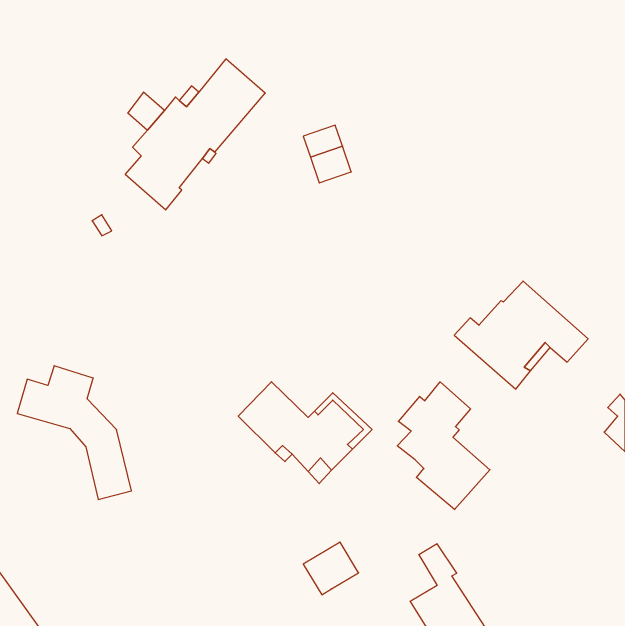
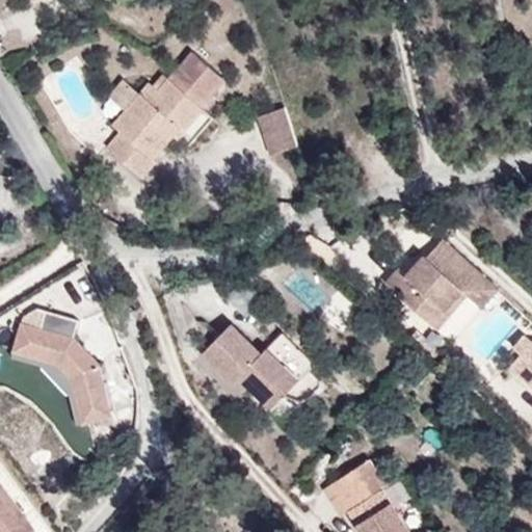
building: [397,382,490,510] -> none
building: none -> [12,351,83,425]
building: [303,542,359,595] -> [323,471,370,515]

